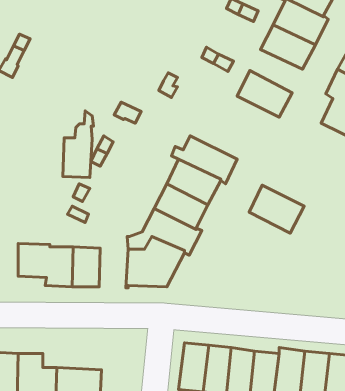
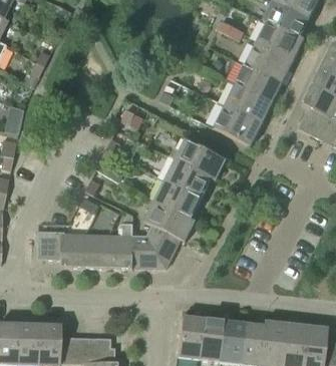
building: none -> [238,64,283,101]
building: [63,111,93,178] -> [108,212,134,269]
building: [249,185,304,233] -> [216,104,263,145]

